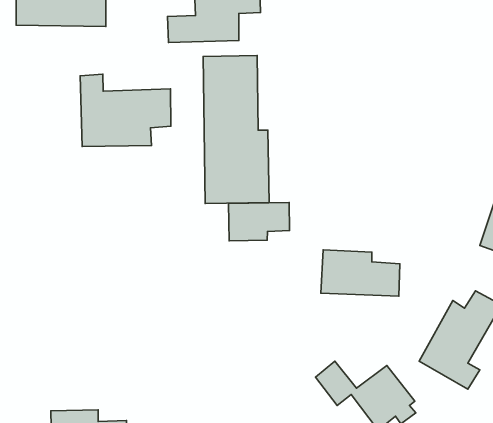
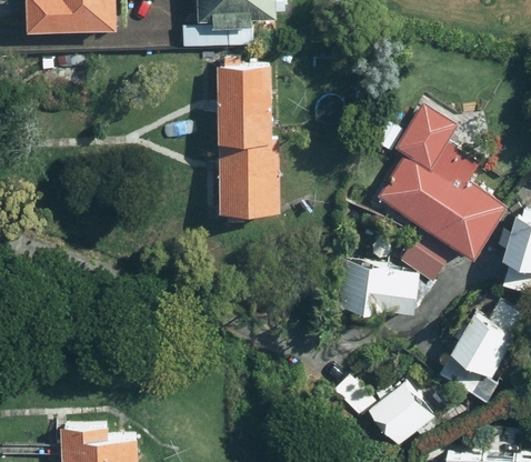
building: [80,74,171,147] -> none
building: none -> [375,108,510,280]
building: [228,202,290,241] -> none

